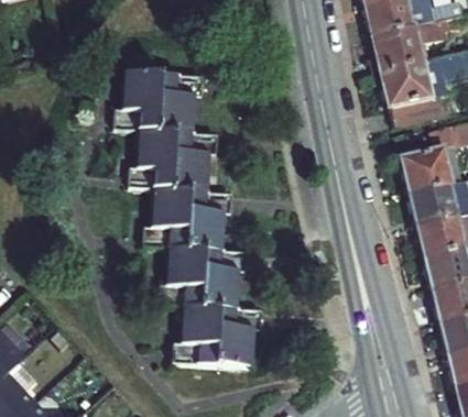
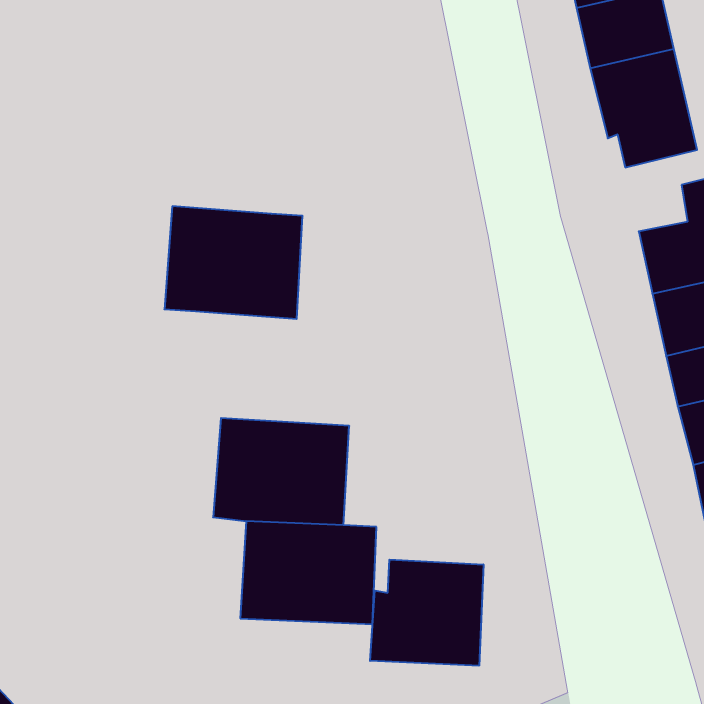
building: [122,79,198,139] -> none
building: [149,194,225,257] -> none
building: none -> [370,560,483,666]

